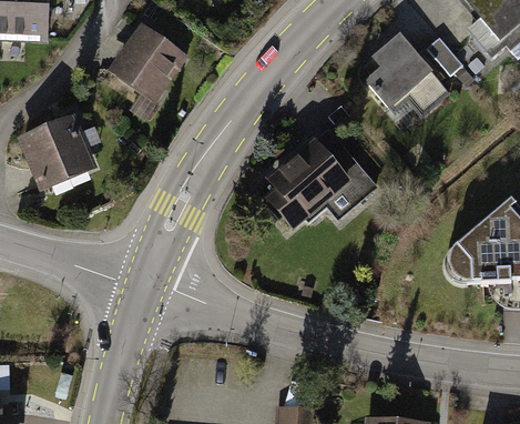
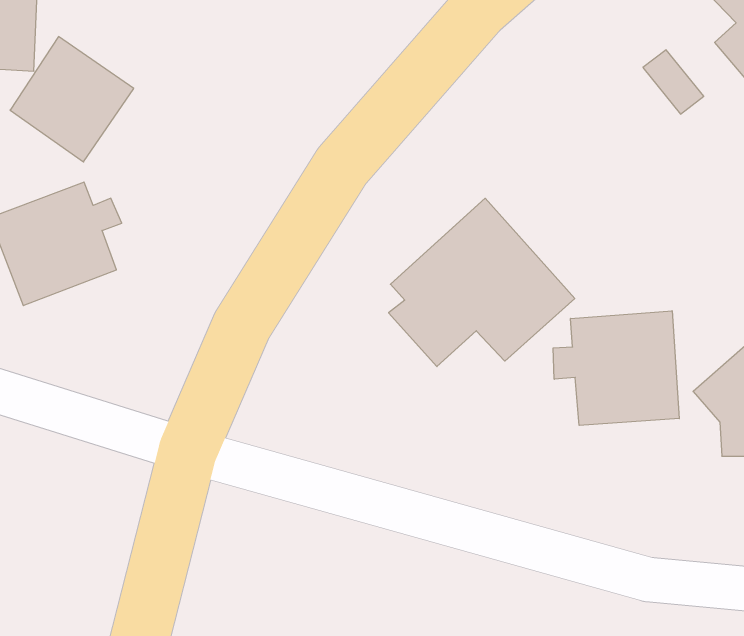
building: [110,24,186,102] -> [10,37,134,162]
building: [365,33,447,111] -> none
building: none -> [553,311,679,425]

